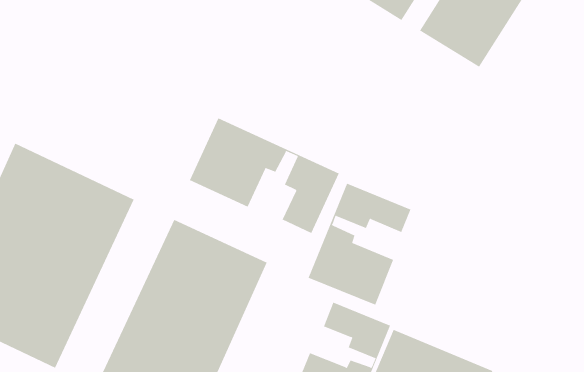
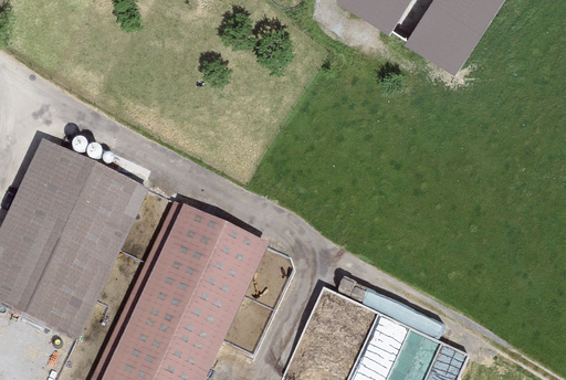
building: [189,117,340,234] -> none
building: [308,183,411,306] -> none

